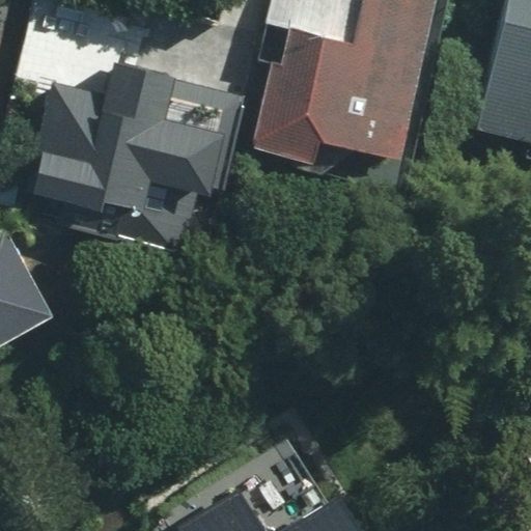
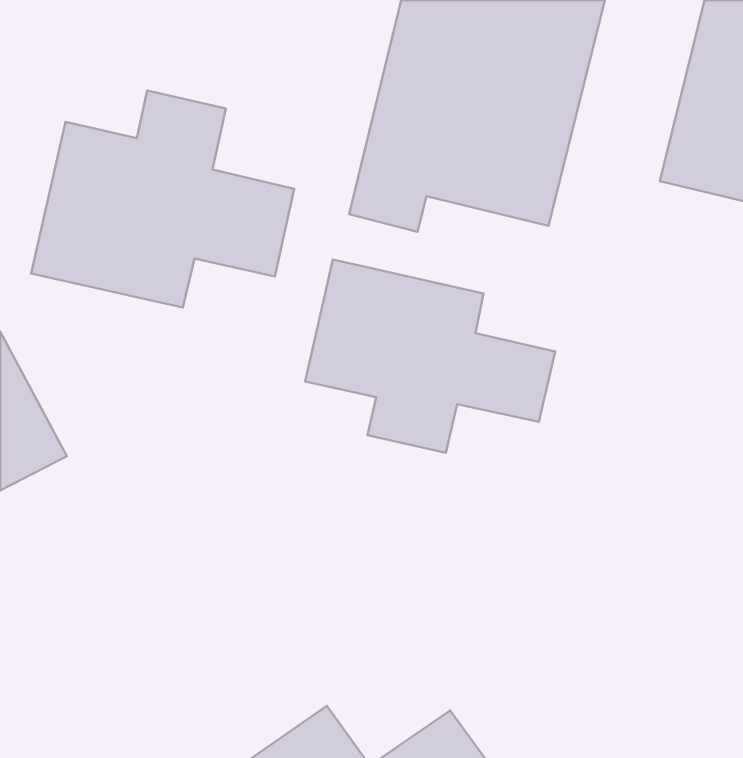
building: none -> [305,259,555,453]

